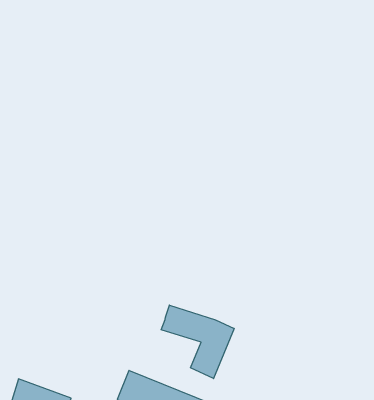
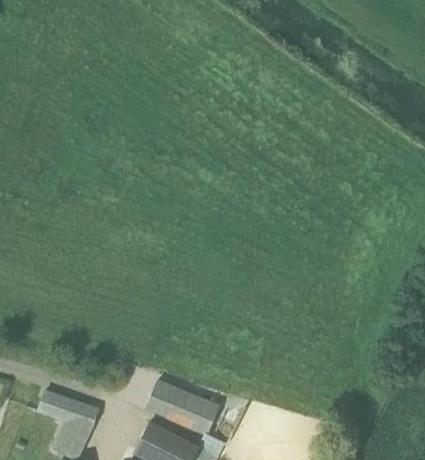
building: [161,305,234,379] -> none

